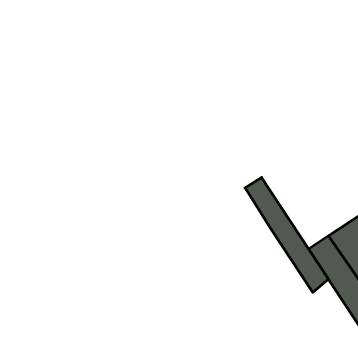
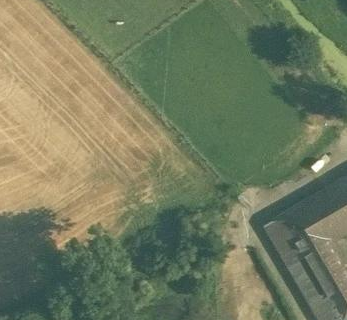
building: [245,177,328,292] -> none

